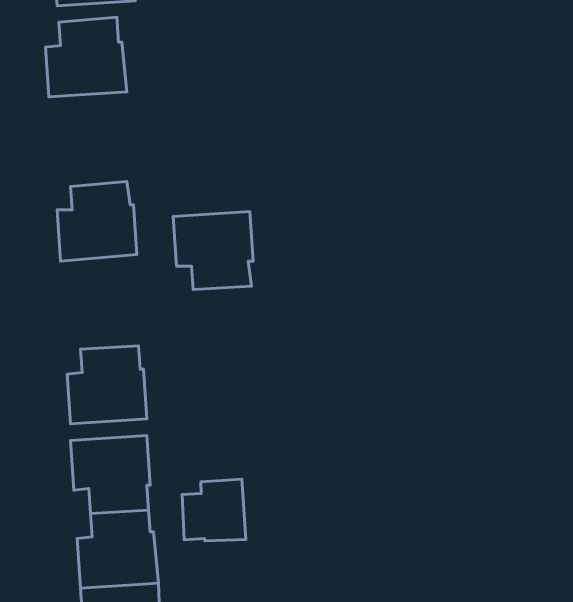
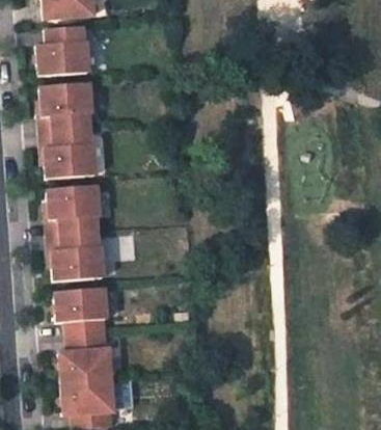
building: none -> [42,83,91,132]
building: [173,212,253,290] -> [48,185,98,234]
building: [182,479,246,541] -> none

